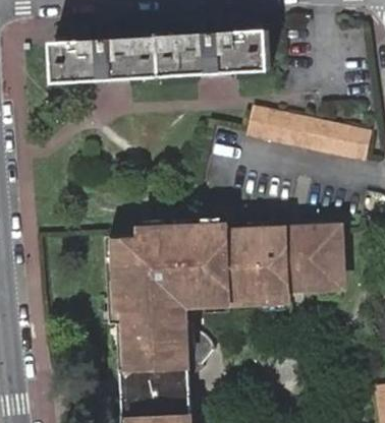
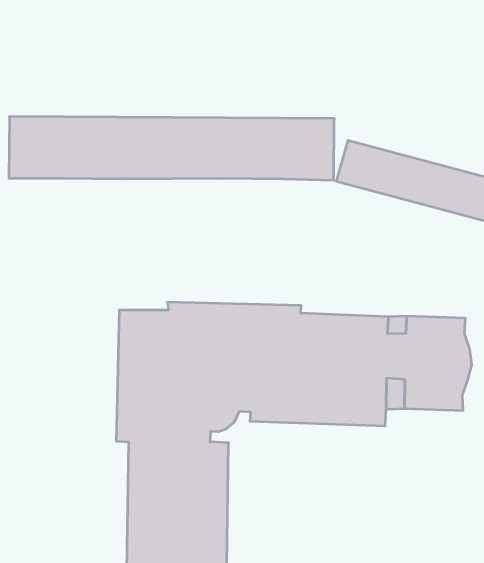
building: [53,31,270,82] -> [9,117,334,180]

